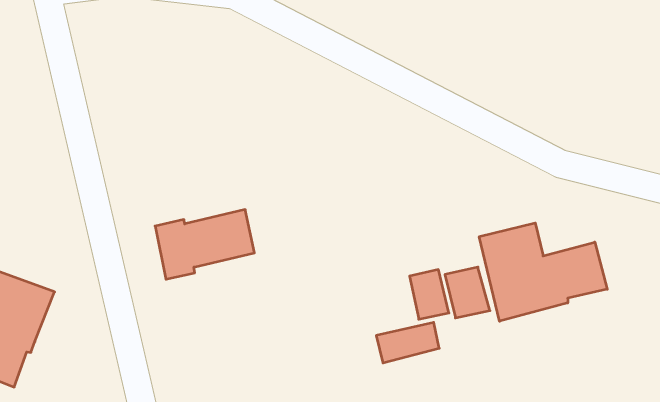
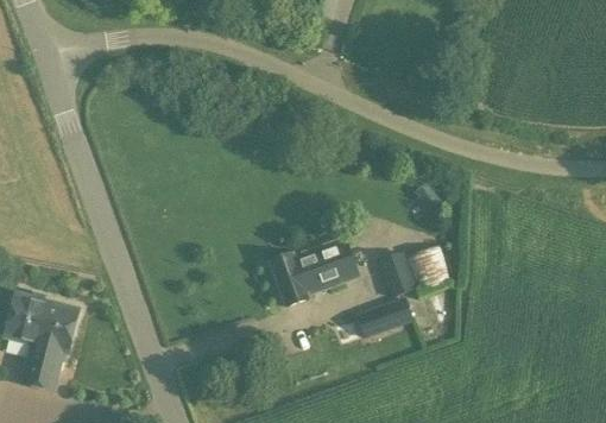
building: [155,210,254,279] -> [270,241,356,308]
building: [479,223,607,321] -> none

